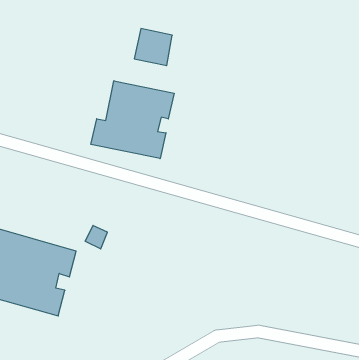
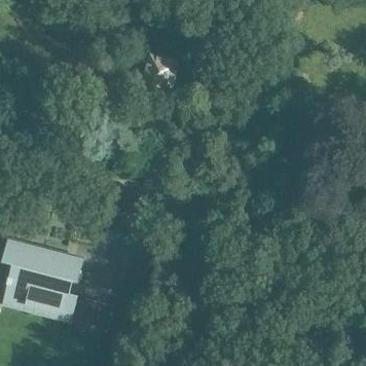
building: [91,81,174,159] -> none

